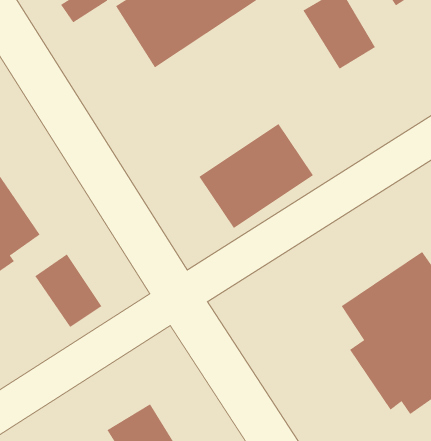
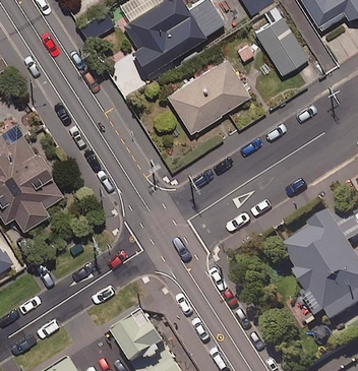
building: [198,123,314,229] -> [166,57,249,133]
building: [34,253,102,328] -> none

